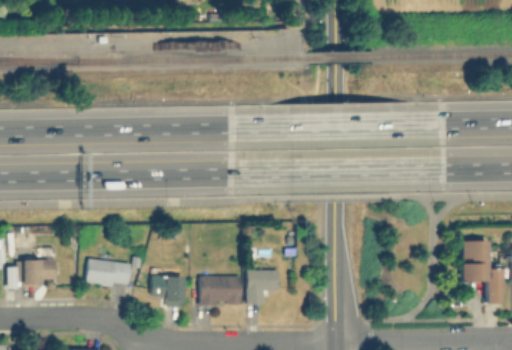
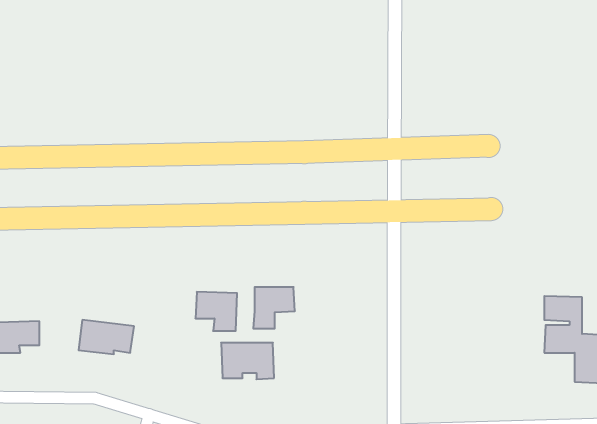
building: [247,270,280,303] -> [253,287,295,329]
building: [152,275,185,306] -> [195,292,237,331]

